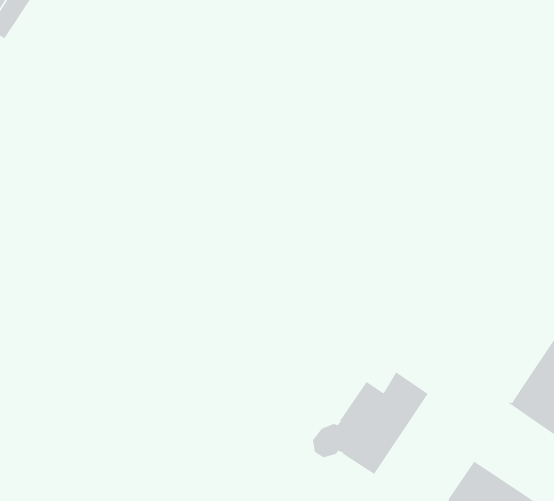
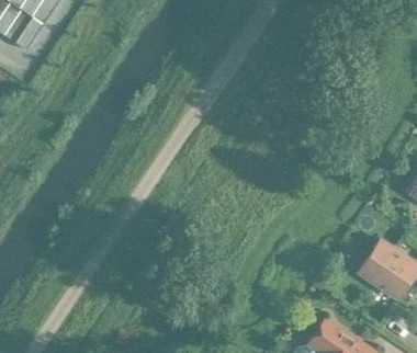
building: [313,372,428,475] -> none

